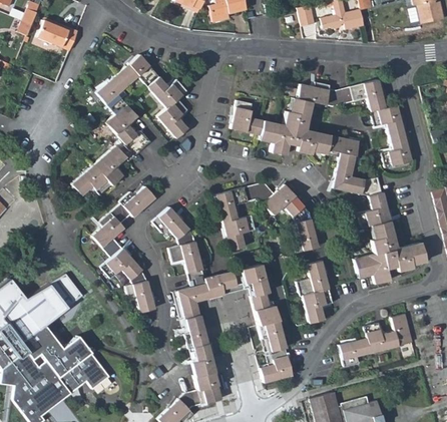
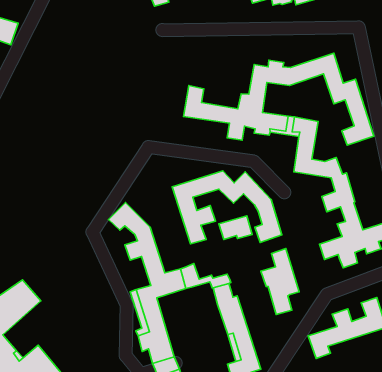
building: [74,55,190,197] -> none
building: [93,186,157,311] -> none
building: [234,264,265,285] -> [219,216,252,239]

